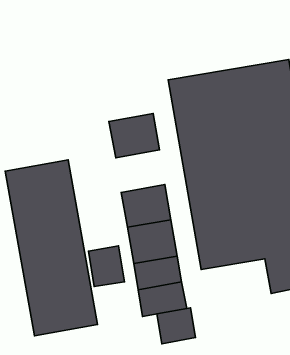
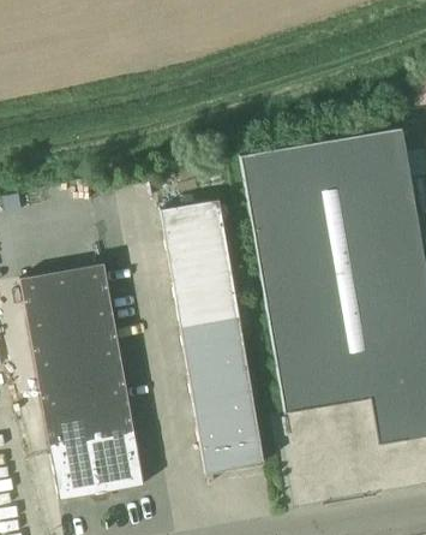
building: none -> [169,249,235,307]
building: [89,246,125,286] -> none
building: [157,308,196,344] -> none

